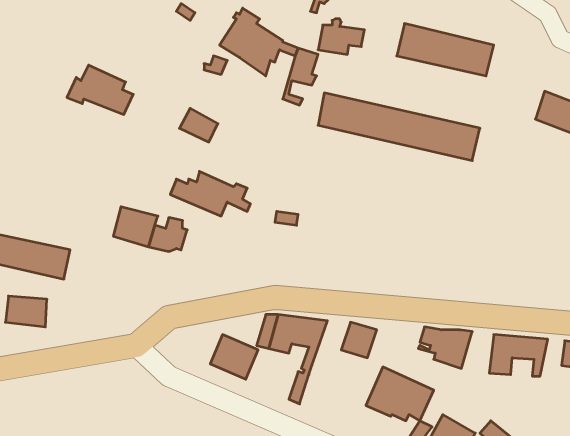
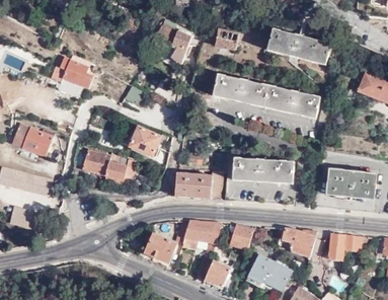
building: none -> [11,123,53,156]
building: none -> [233,157,294,182]
building: none -> [327,168,377,199]
building: none -> [176,169,224,199]
building: none -> [204,259,229,286]

